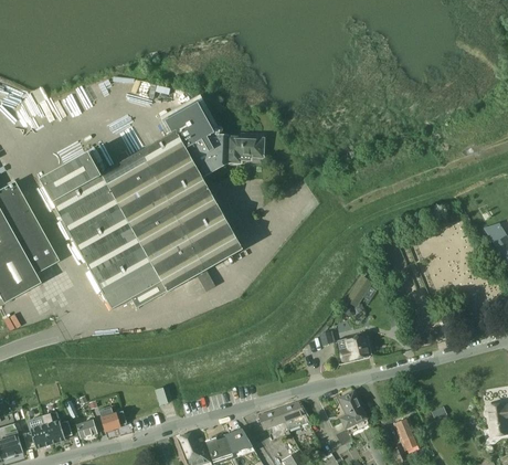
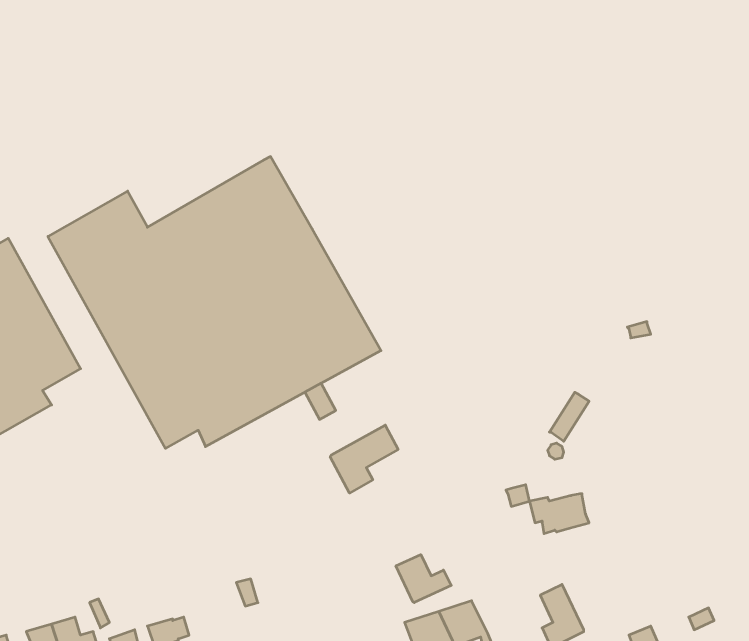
building: [165,102,264,176] -> none
building: none -> [330,425,398,493]
building: none -> [396,555,451,603]

